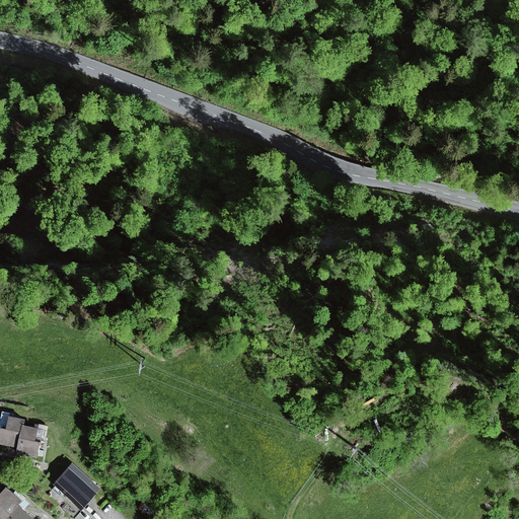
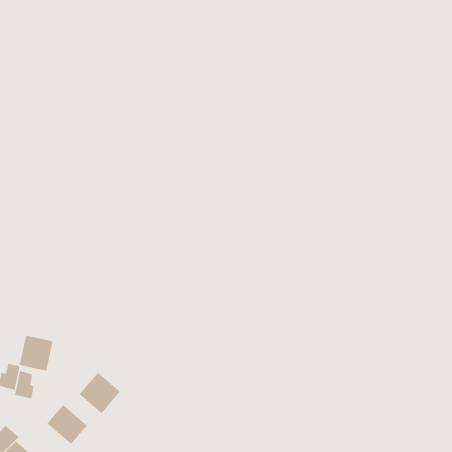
building: none -> [19,335,54,372]
building: none -> [79,372,121,414]

